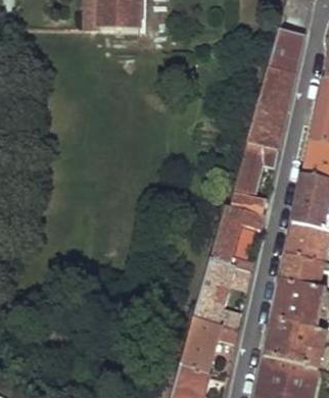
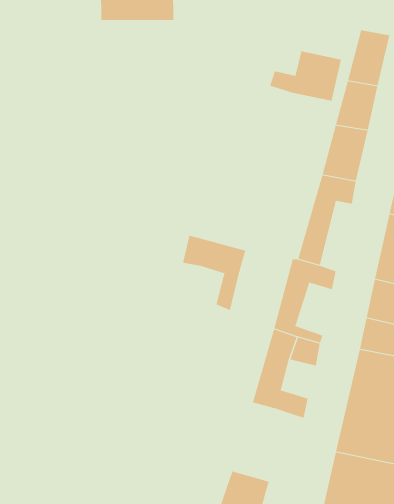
building: none -> [269,51,341,102]
building: none -> [182,235,246,311]
building: [183,317,238,378] -> none

